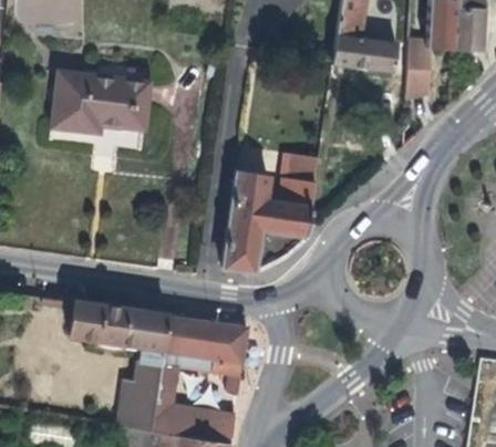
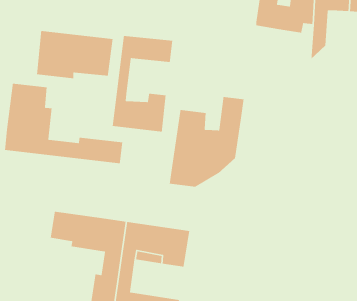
building: none -> [112,35,173,132]
building: none -> [4,83,123,164]

